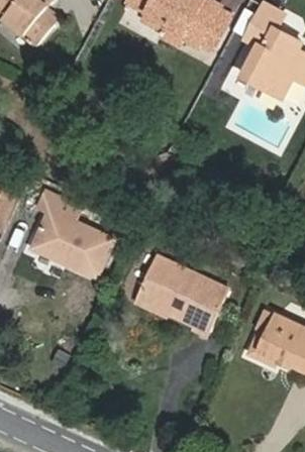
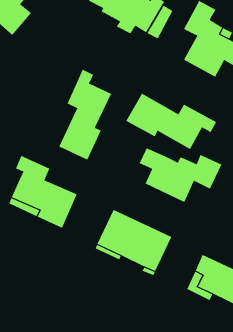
building: none -> [59,69,112,161]
building: none -> [126,93,217,150]
building: none -> [139,148,222,203]

